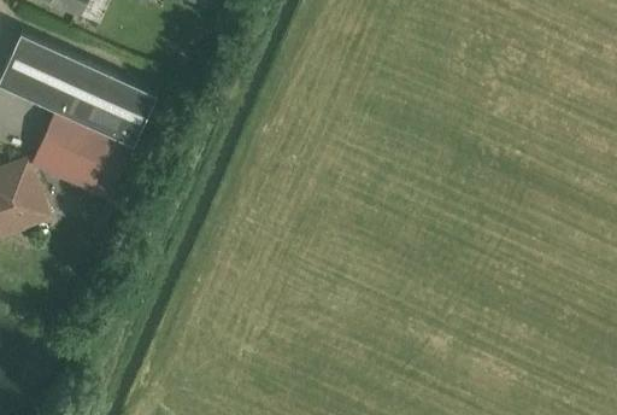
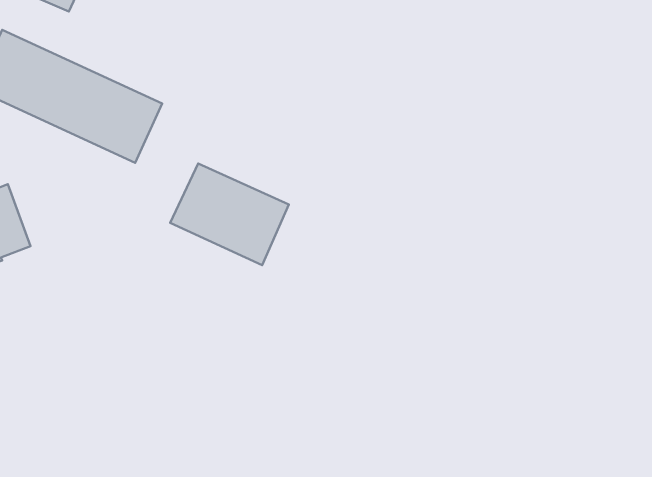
building: [31,110,133,197] -> [170,163,289,265]

